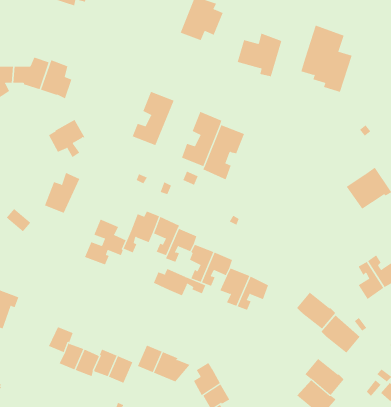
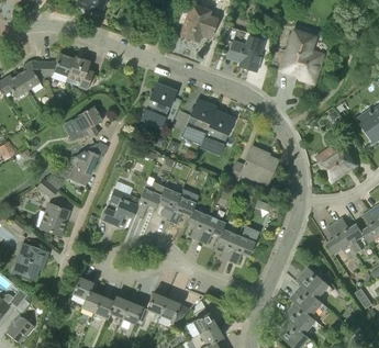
building: none -> [228,147,277,180]
building: none -> [38,202,67,235]
building: [153,268,206,296] -> none
building: [296,292,336,329] -> [290,285,323,316]

